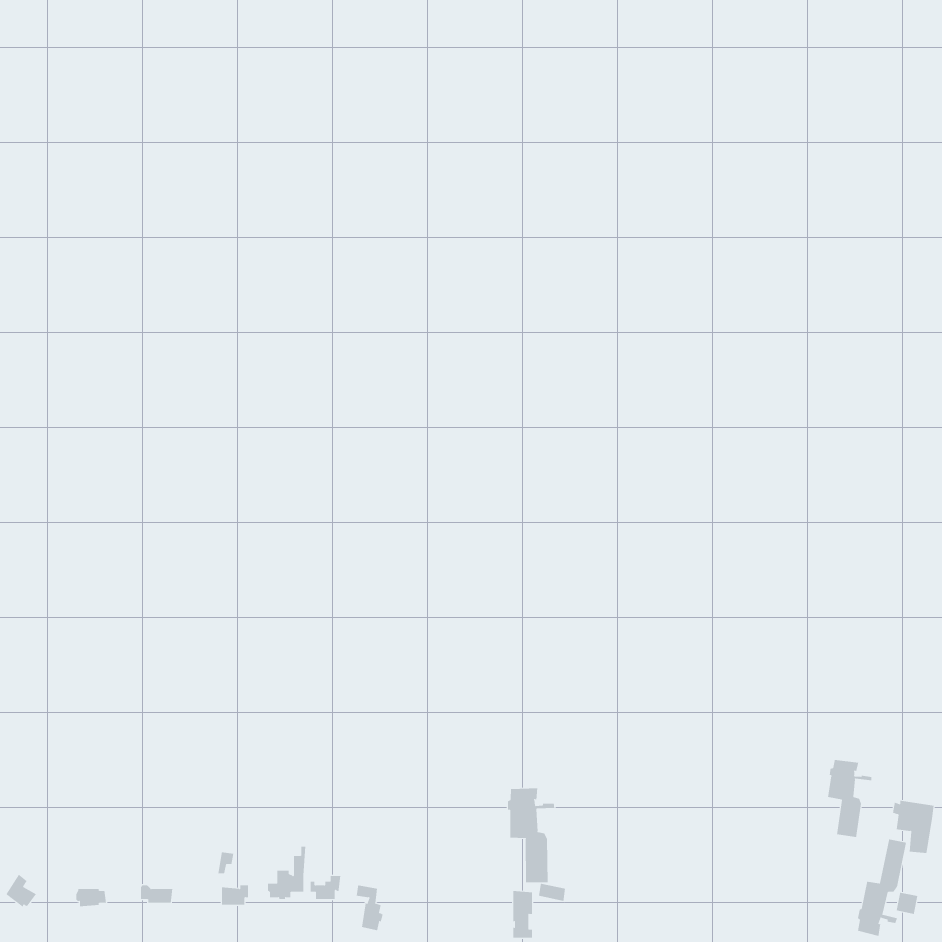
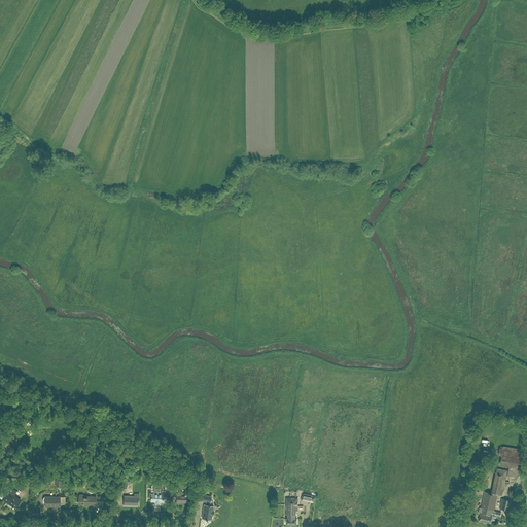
building: [828,759,872,838] -> none
building: [508,787,555,883] -> none

